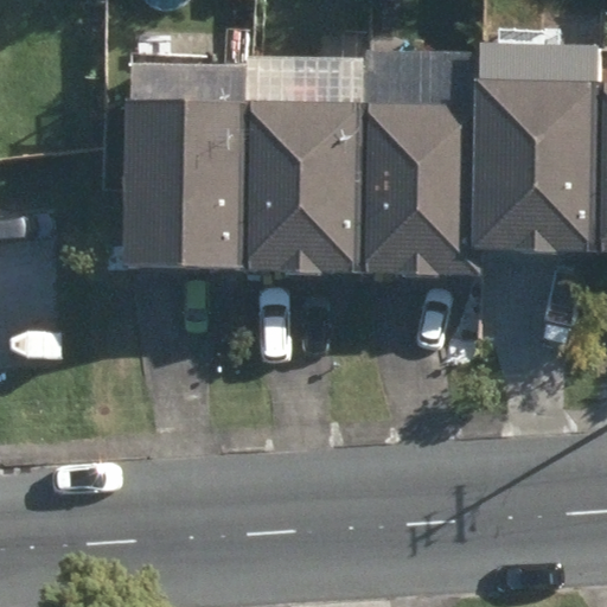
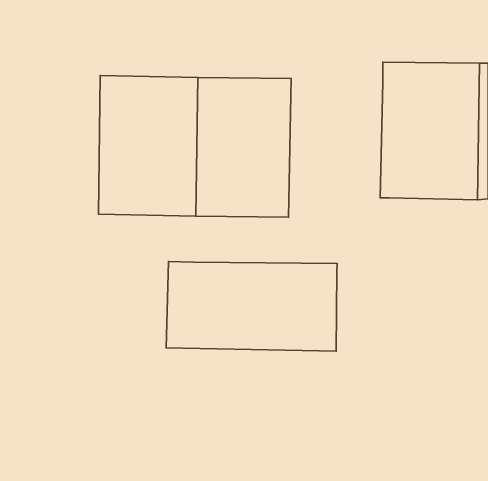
building: [358,97,483,271] -> none
building: none -> [166,261,337,351]

